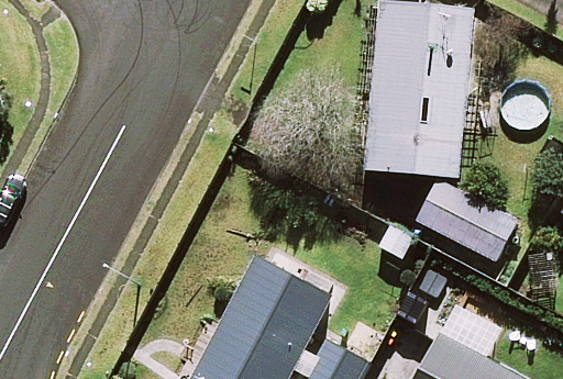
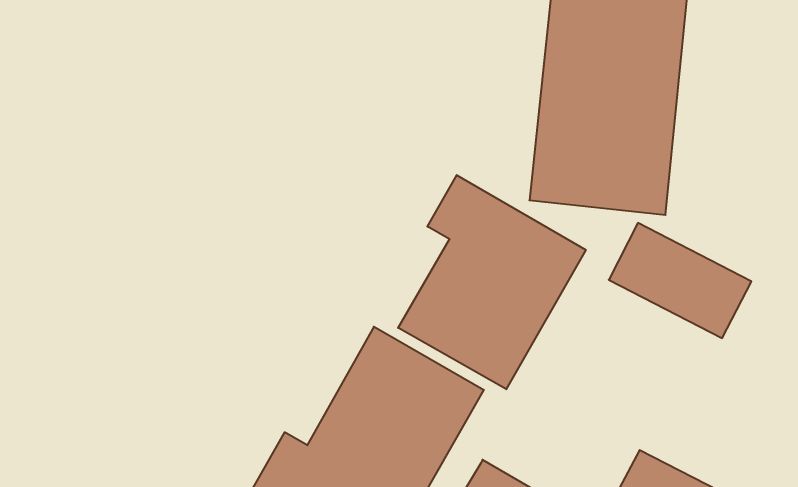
building: none -> [398,175,586,389]

